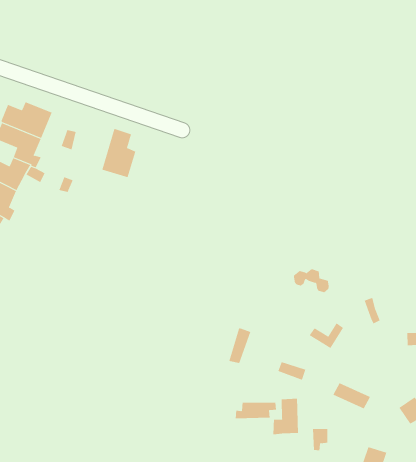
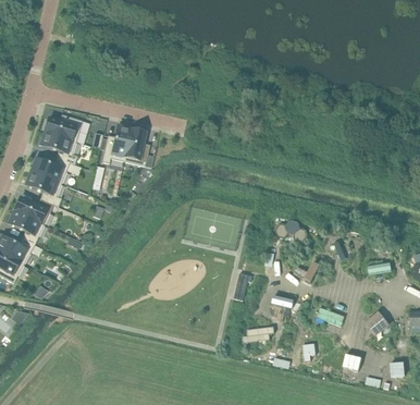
building: none -> [100,124,129,162]
building: [273,398,299,435] -> none

